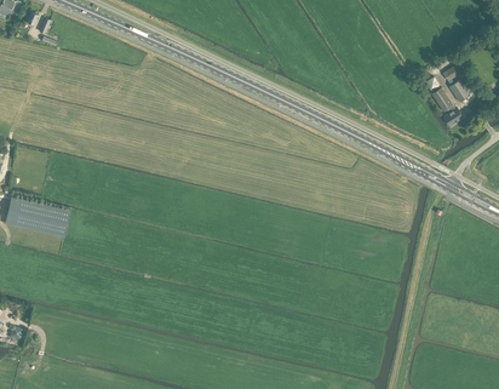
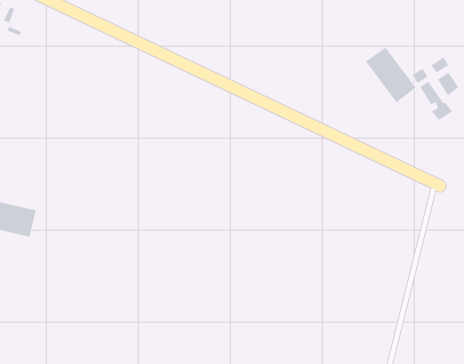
building: none -> [365,47,417,103]

